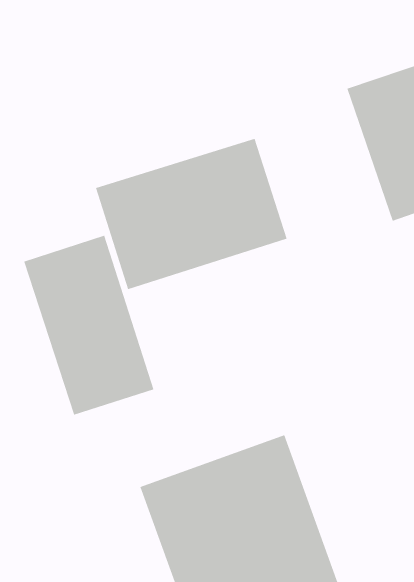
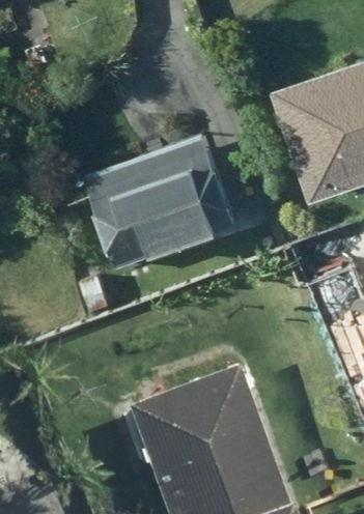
building: [23,235,154,415] -> none

